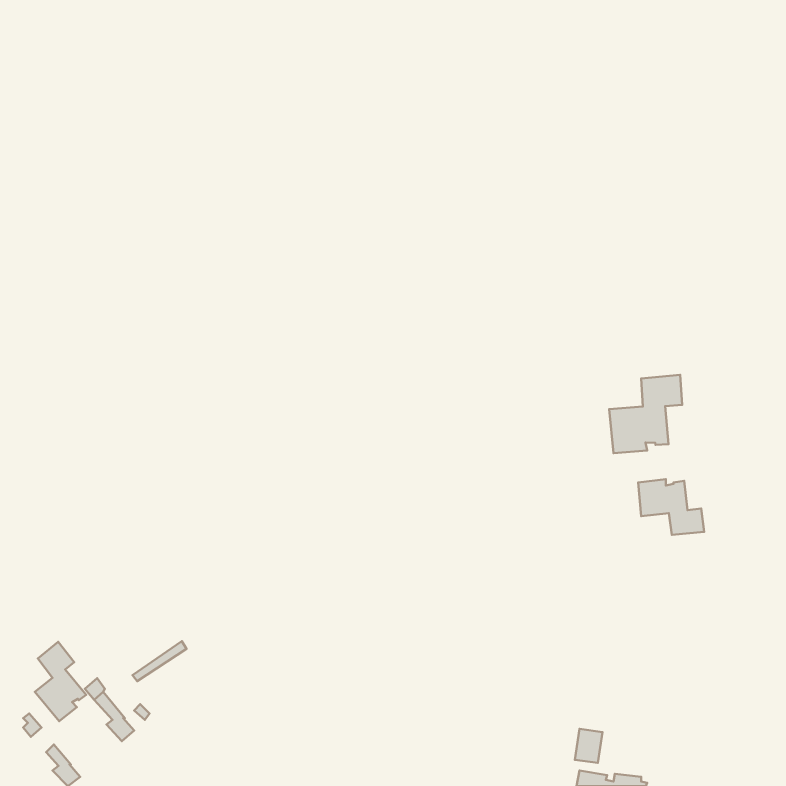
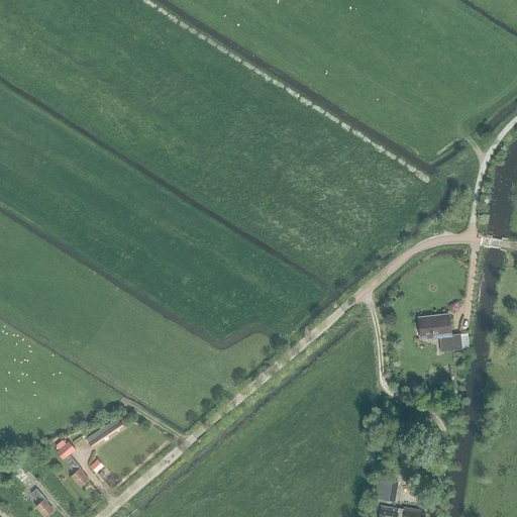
building: [609,375,682,453] -> none
building: [35,642,86,721] -> none

